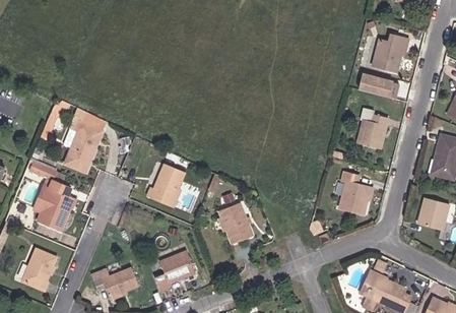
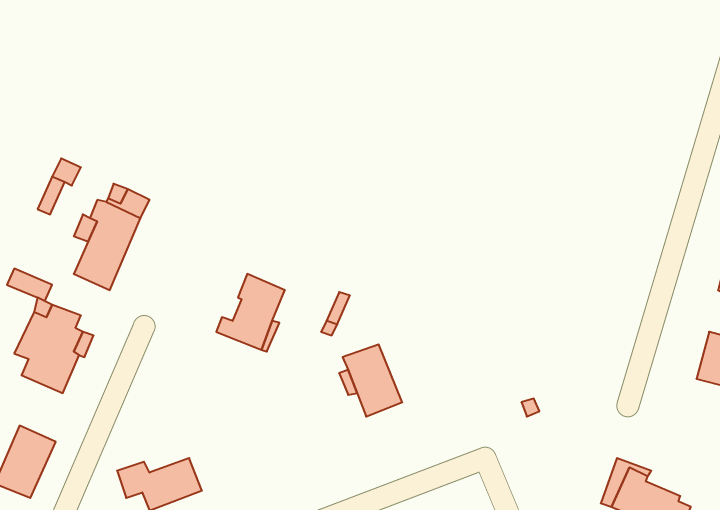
building: [371,34,406,74] -> none
building: [360,77,396,100] -> none
building: [355,116,386,150] -> none
building: [338,174,370,215] -> none
building: [154,252,194,292] -> none

